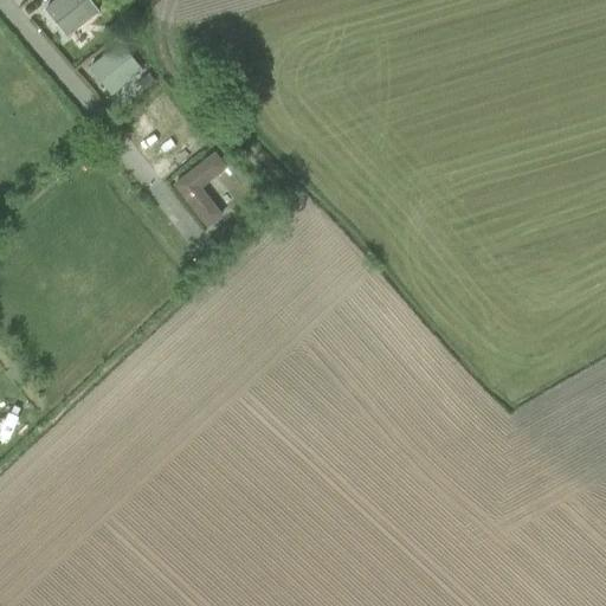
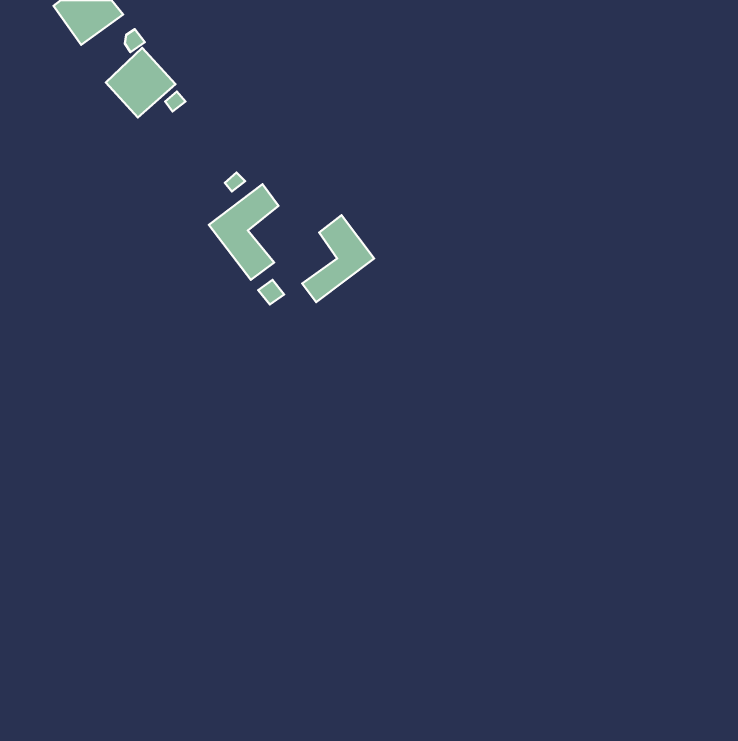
building: none -> [302,215,374,302]

